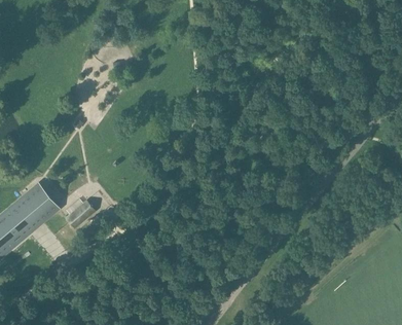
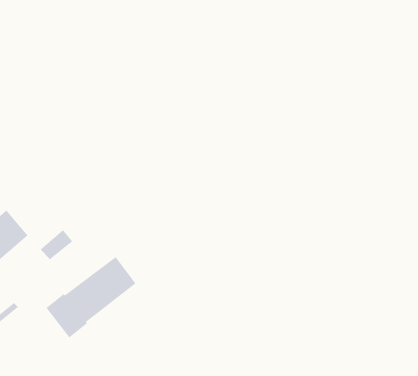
building: none -> [45,256,136,338]

